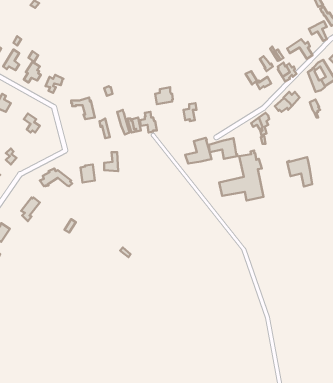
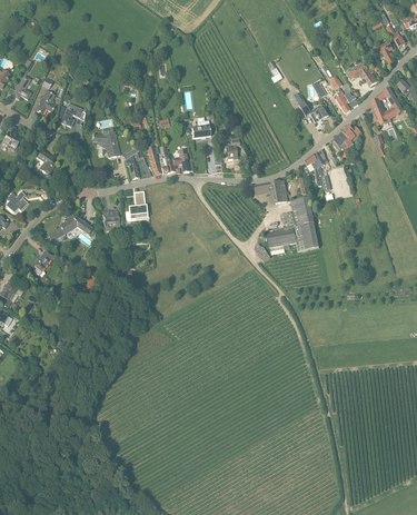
building: [185,138,211,164] -> none
building: [287,157,312,187] -> none

